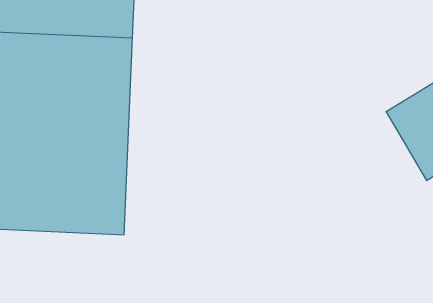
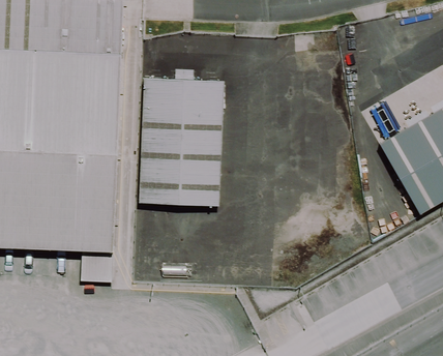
building: none -> [138,75,223,205]

